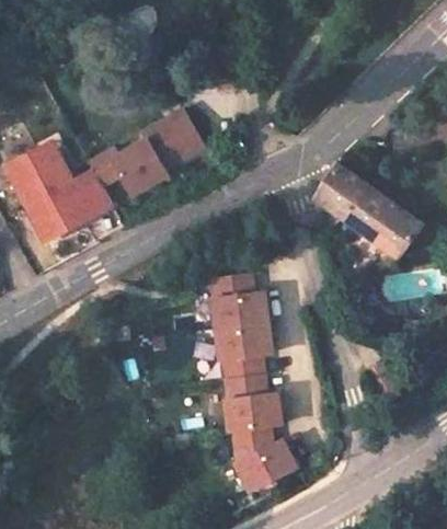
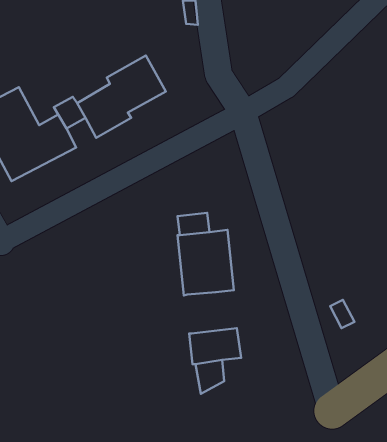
building: [319,165,423,257] -> none
building: [225,356,259,399] -> none
building: [236,439,295,491] -> none

